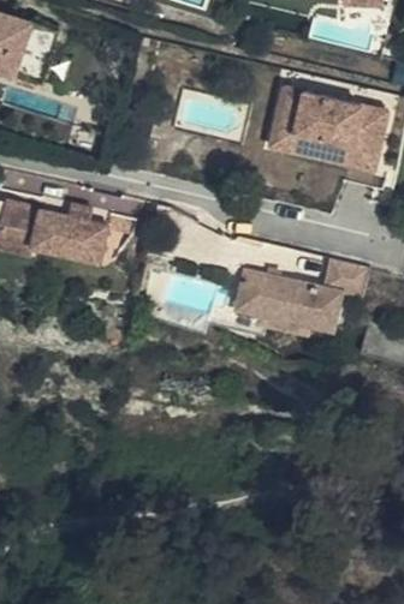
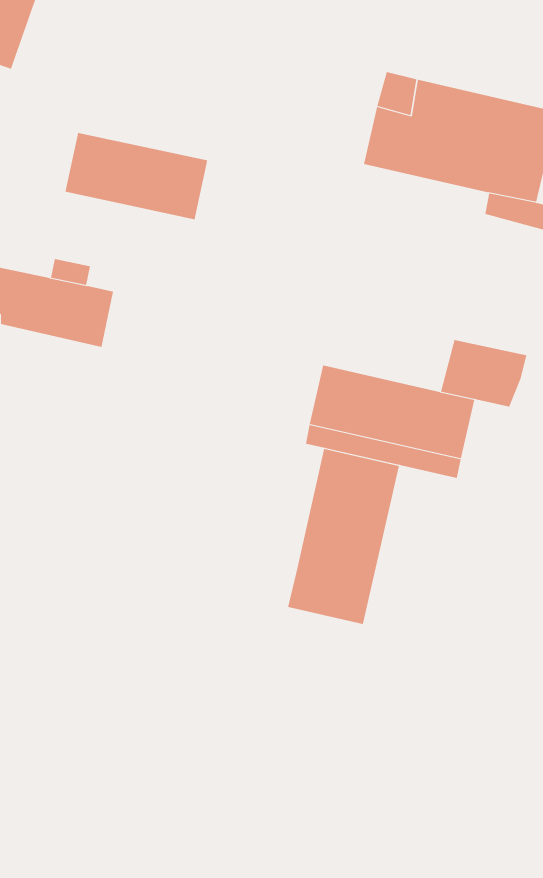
building: none -> [65,132,208,220]
building: none -> [288,448,399,625]

